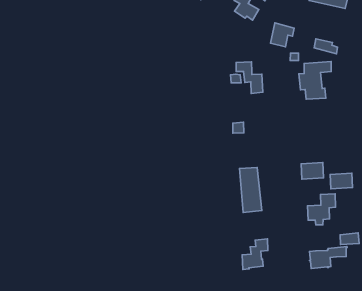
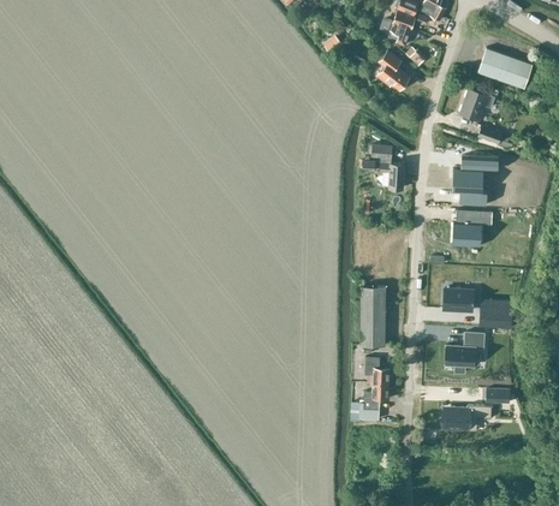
building: [271,23,294,47] -> [459,88,493,121]
building: none -> [452,209,492,245]
building: none -> [364,356,388,383]

